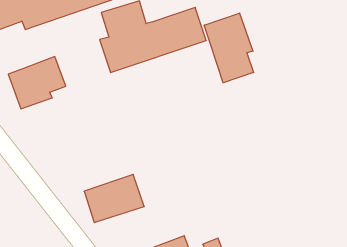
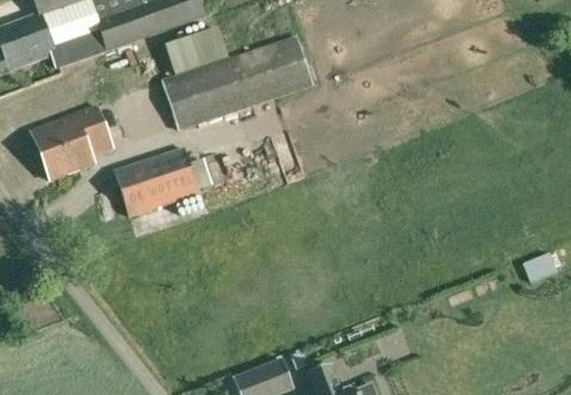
building: [204,13,253,83] -> none
building: [84,174,144,223] -> [114,145,199,214]

